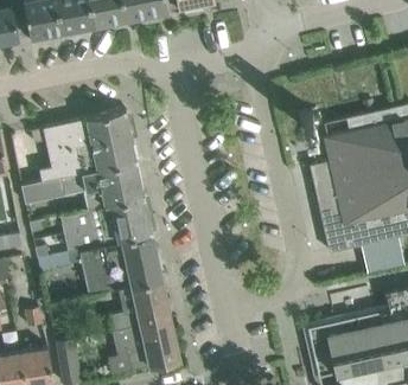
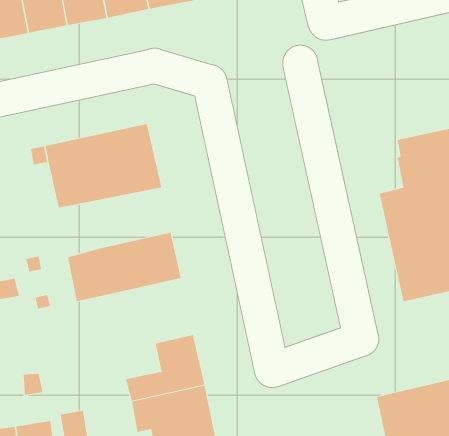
building: [20,162,144,211] -> none
building: [78,235,161,296] -> none

